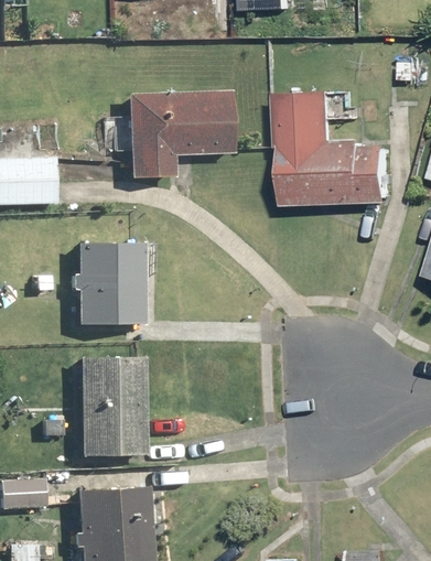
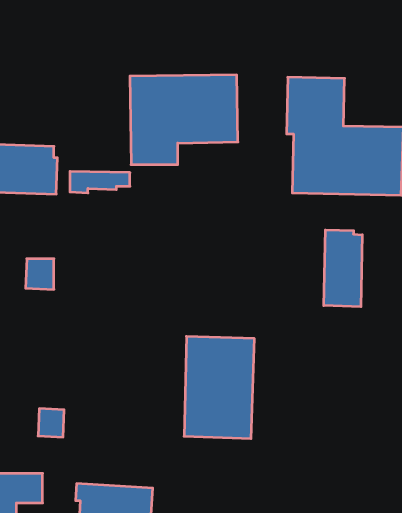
building: none -> [324,230,362,307]
building: [69,242,140,324] -> none
building: [77,358,146,457] -> [184,336,254,439]

